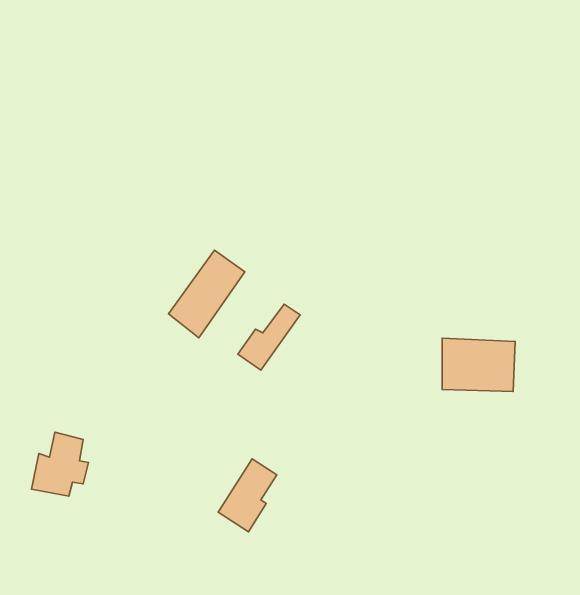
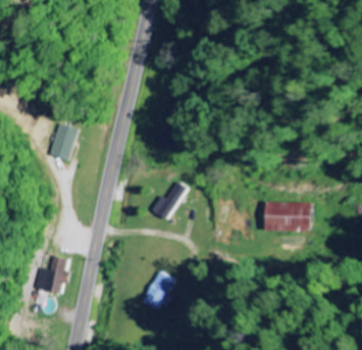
building: none -> [48,124,76,160]
building: [169,250,245,338] -> none

